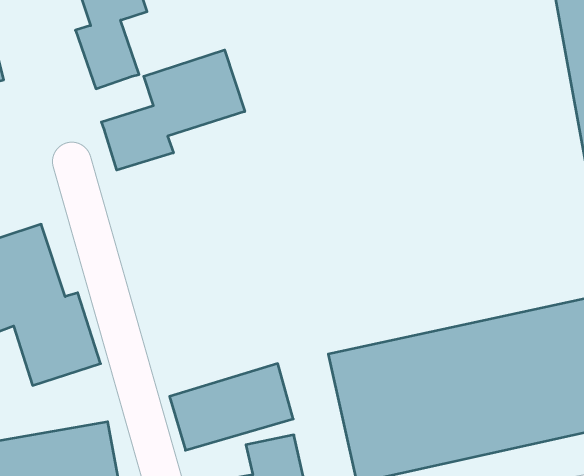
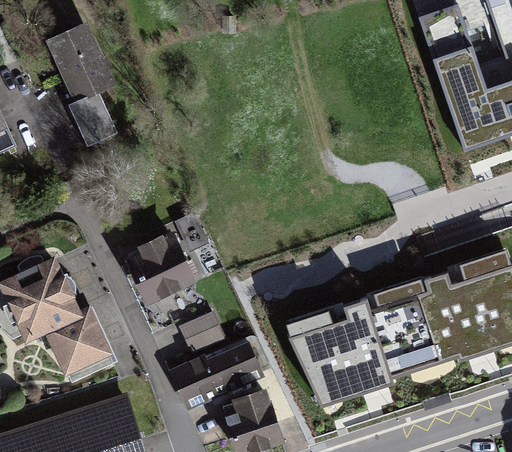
building: [101,50,245,170] -> none
building: none -> [128,231,199,305]
building: none -> [179,311,228,354]

